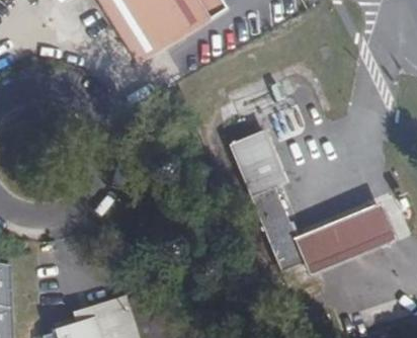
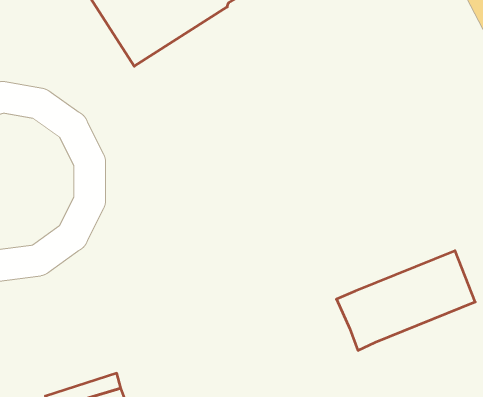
building: [230,130,302,267] -> none

